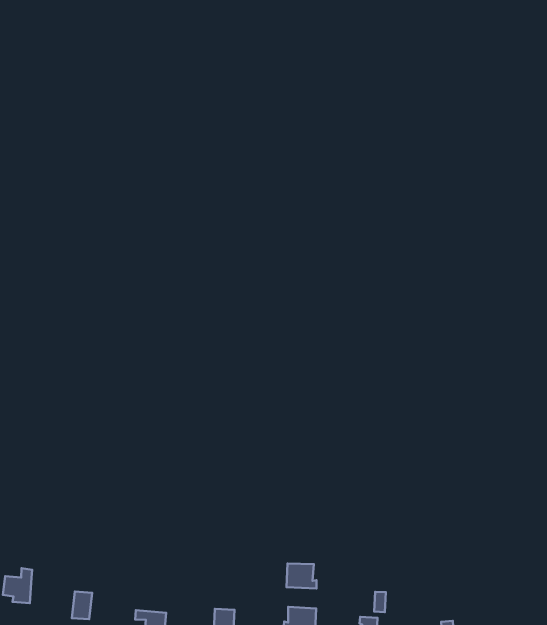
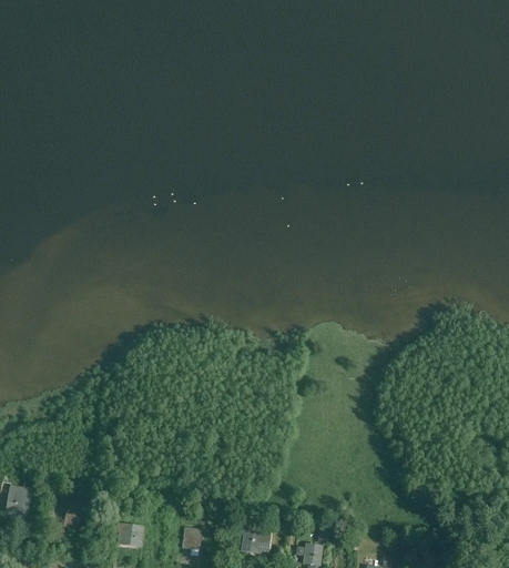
building: [286,564,317,589] -> none

